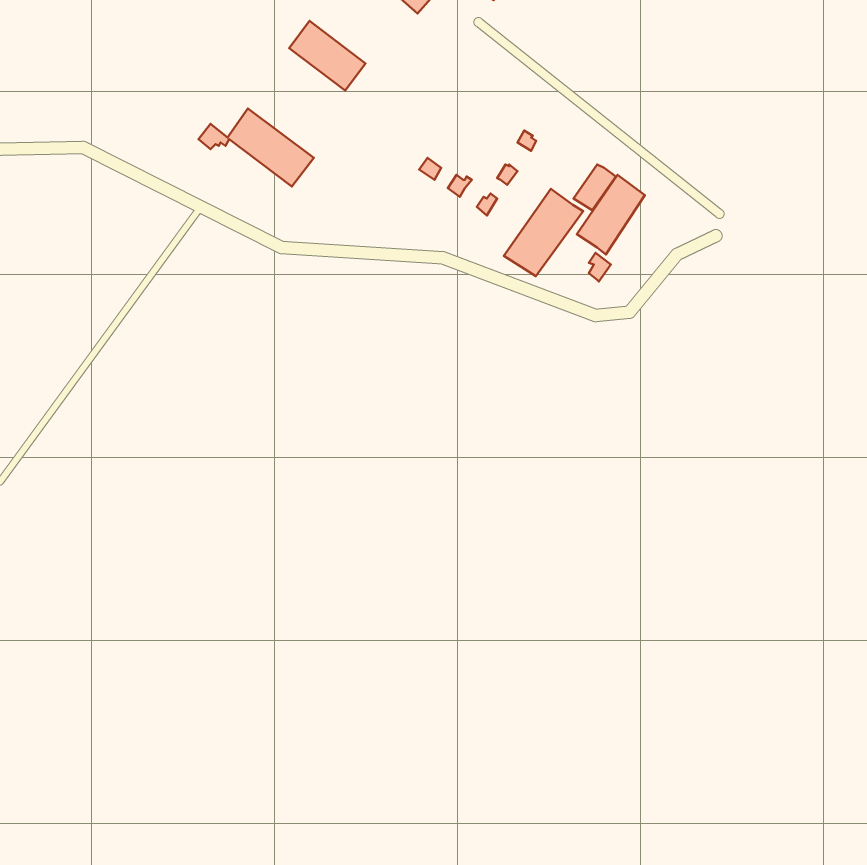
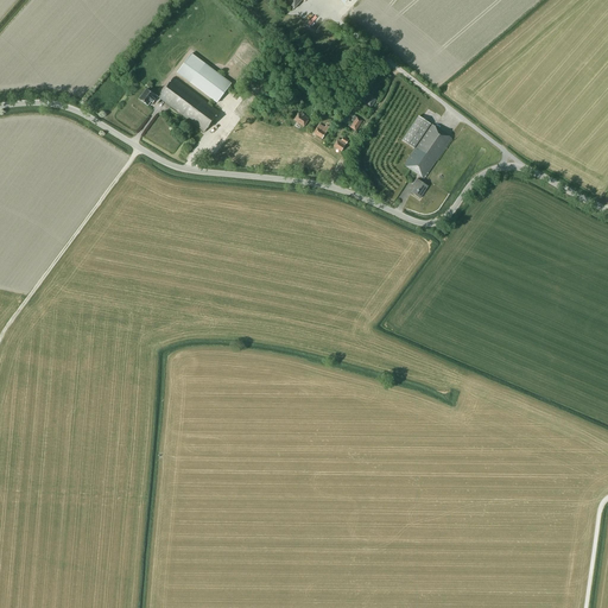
building: [289,21,366,91] -> [177,52,230,101]
building: [504,189,583,276] -> none

